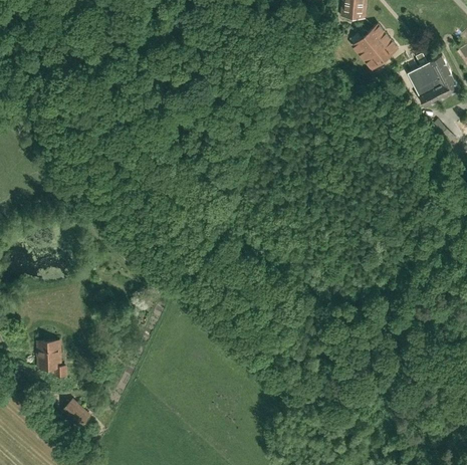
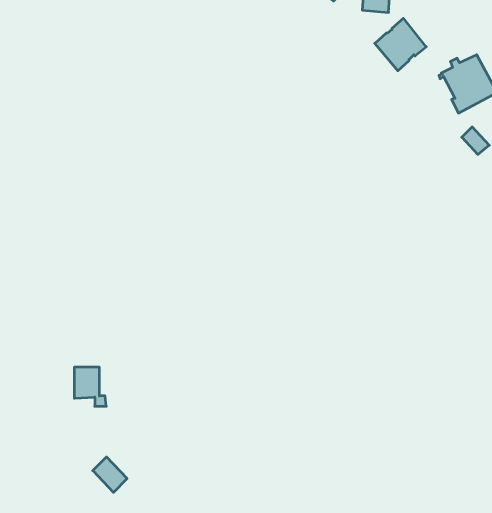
building: [38,341,66,376] -> [74,367,106,406]
building: [59,397,89,428] -> [93,457,127,492]

